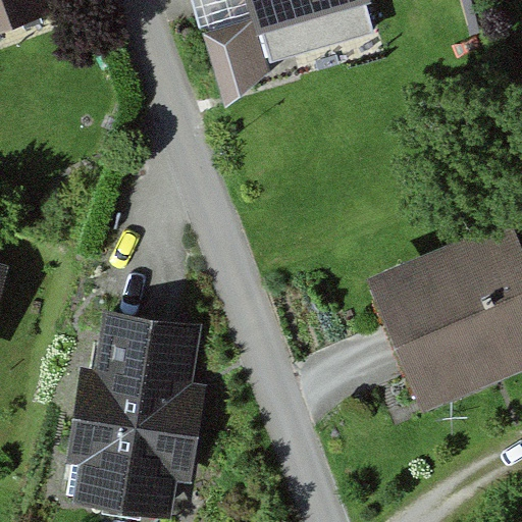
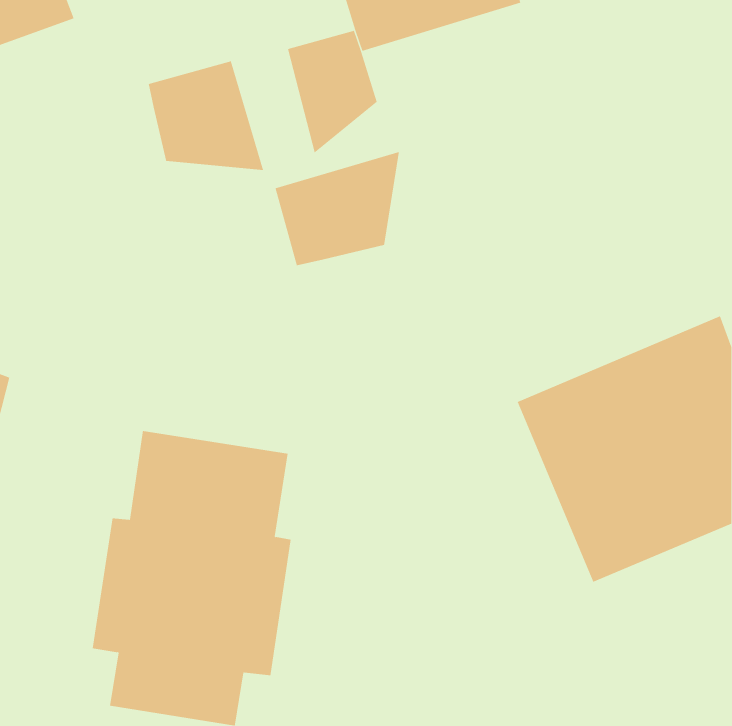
building: none -> [148,61,264,171]
building: none -> [275,151,400,266]

